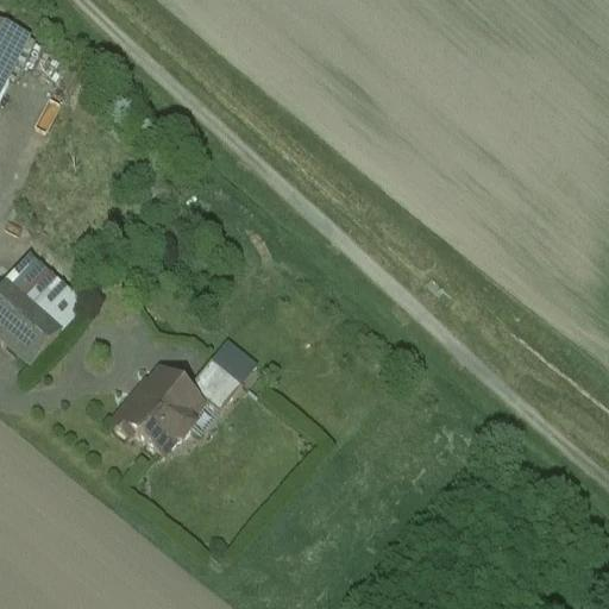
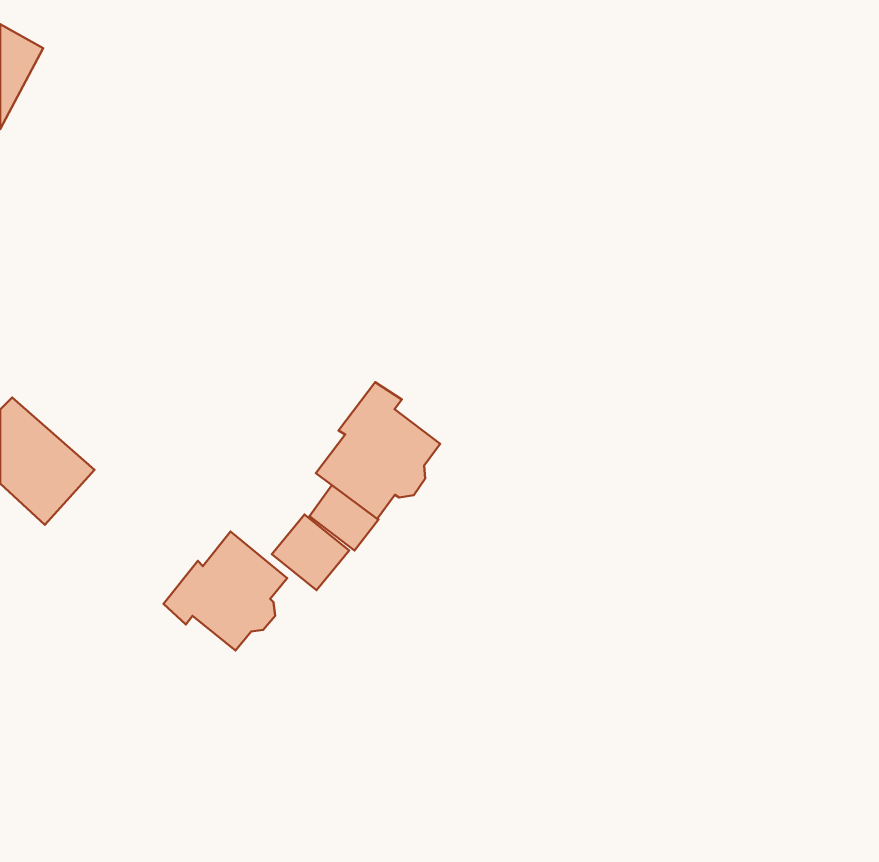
building: [8,252,84,325] -> none
building: none -> [316,382,440,519]

